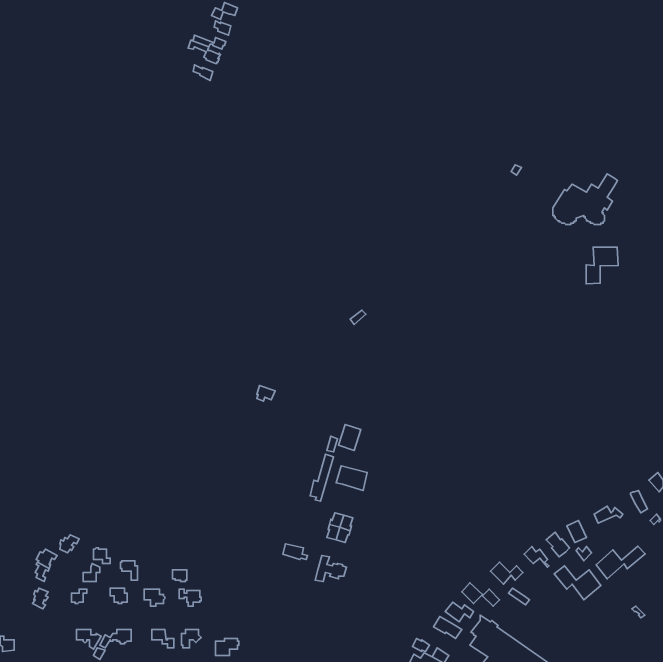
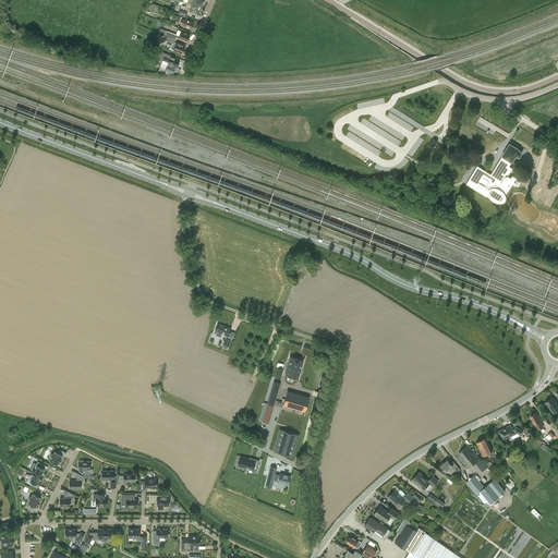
building: [586,247,618,284] -> none
building: [596,546,645,579] -> none

